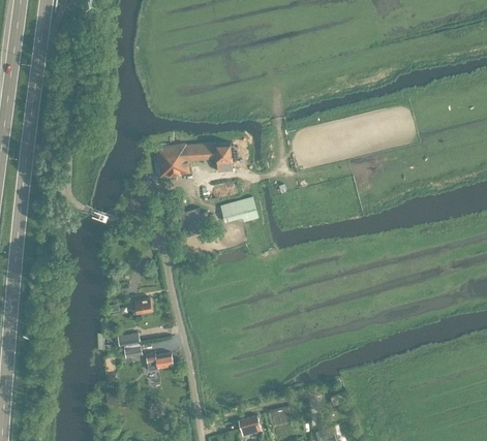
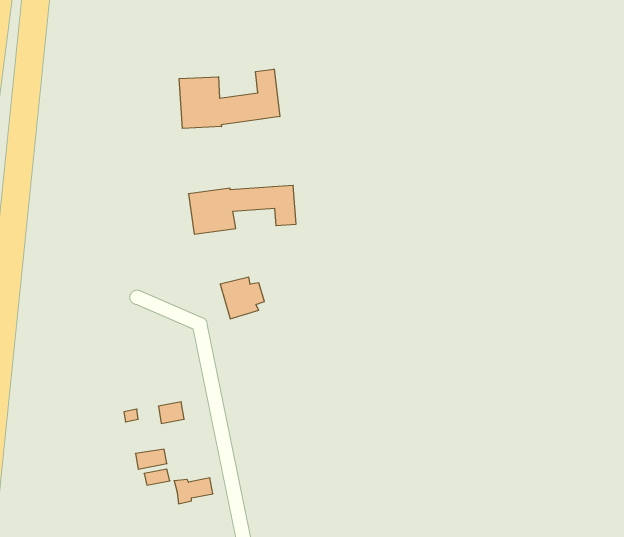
building: none -> [179,69,280,128]
building: [219,197,257,223] -> none

